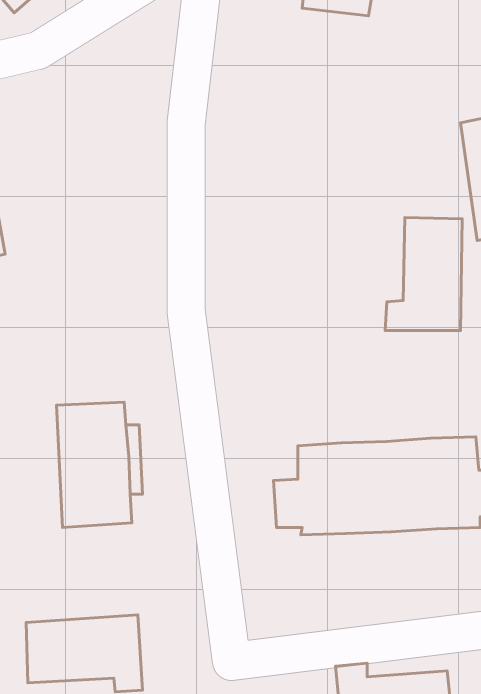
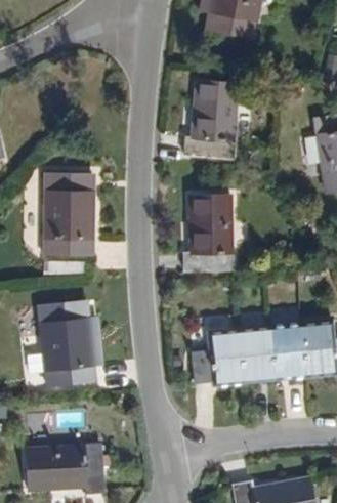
building: none -> [182,74,236,149]
building: [385,217,462,331] -> [178,188,230,265]
building: none -> [48,185,99,267]

